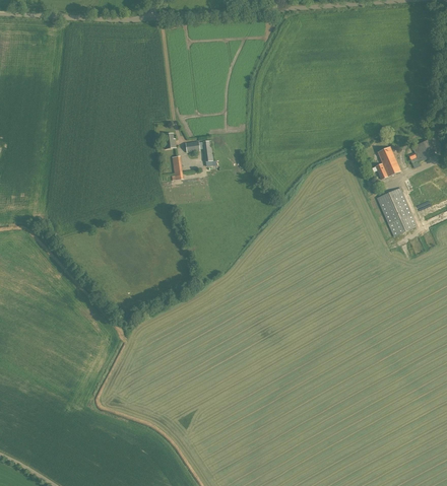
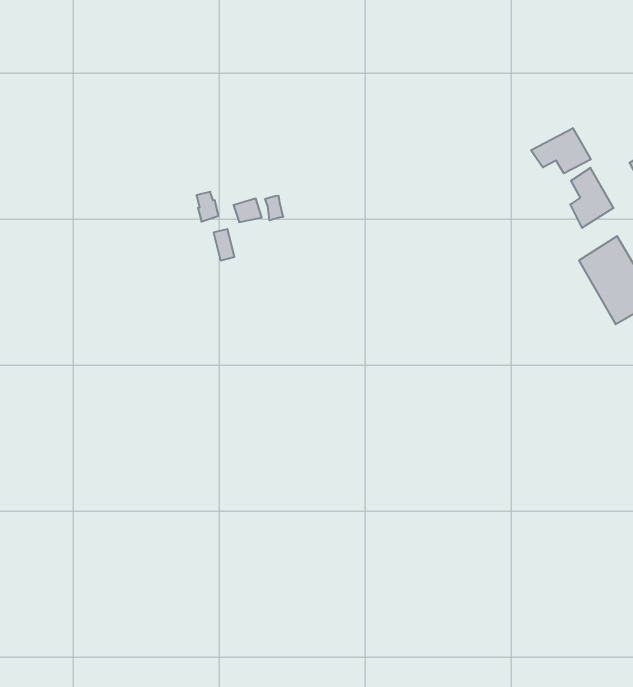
building: none -> [531,128,591,173]

